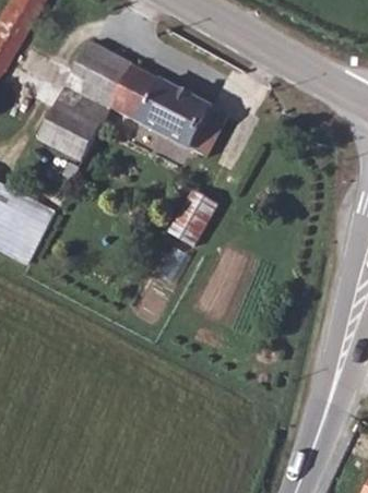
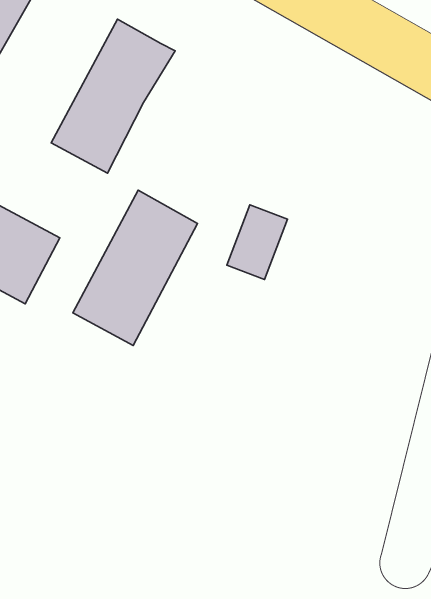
building: [112,69,229,160] -> none
building: none -> [73,190,197,346]

